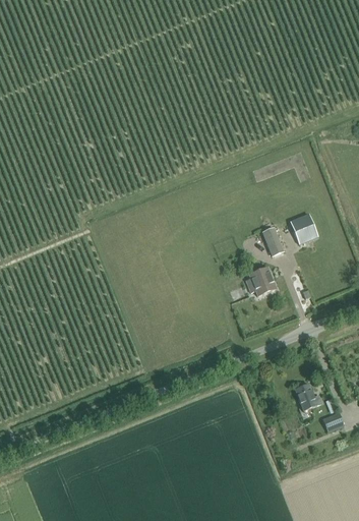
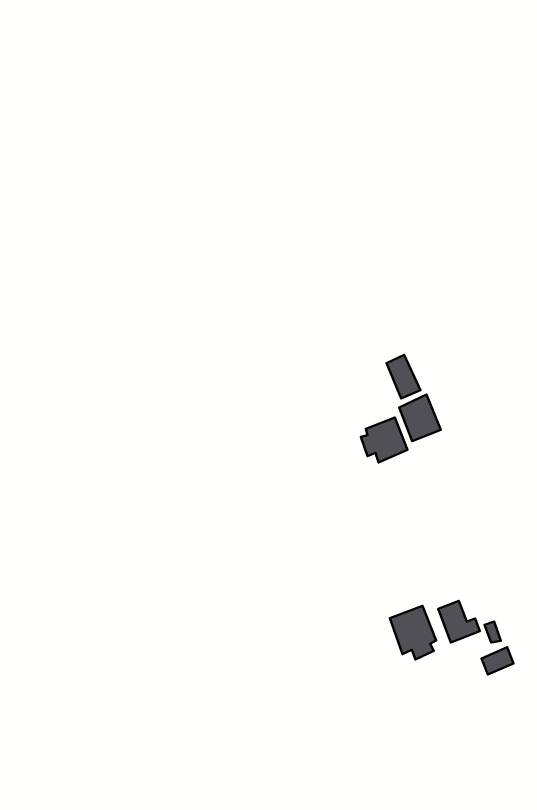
building: [291,214,317,243] -> [399,395,441,441]
building: none -> [390,606,436,660]

